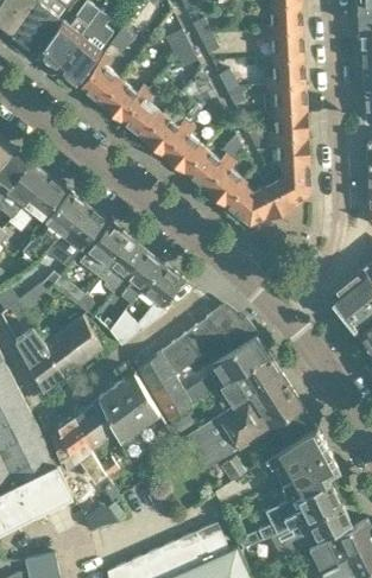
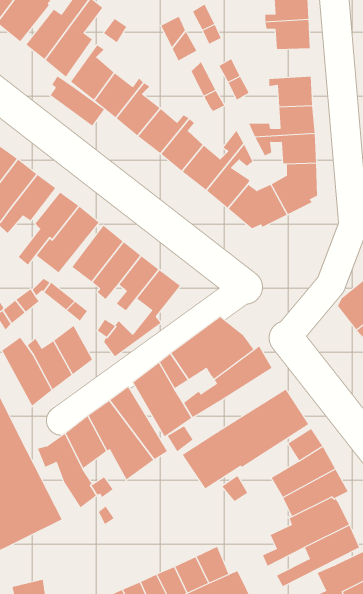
building: [264,57,305,85] -> none
building: none -> [50,76,105,127]
building: [217,355,282,415] -> none

